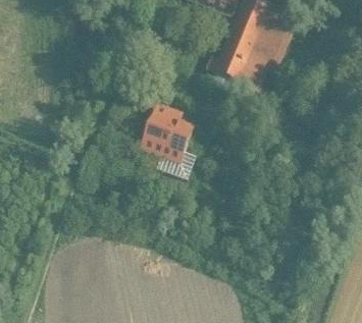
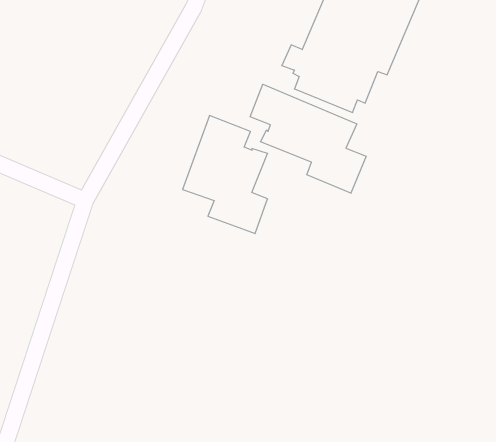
building: none -> [250,84,366,193]

